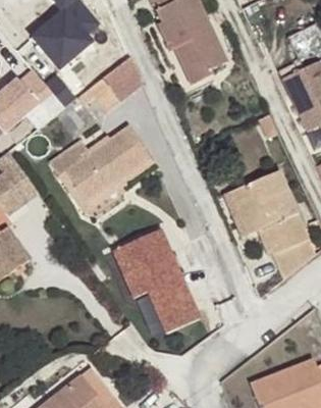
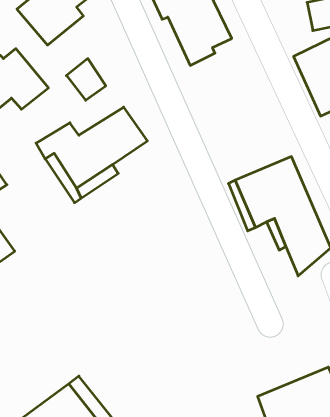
building: [96,55,141,105] -> none
building: [113,234,201,337] -> none

